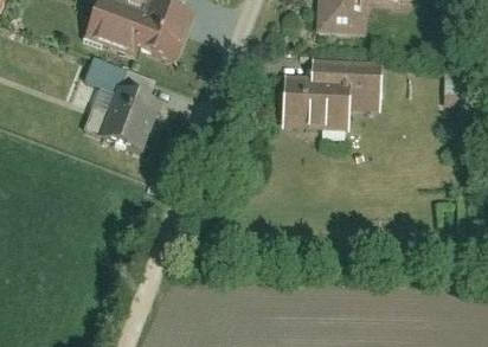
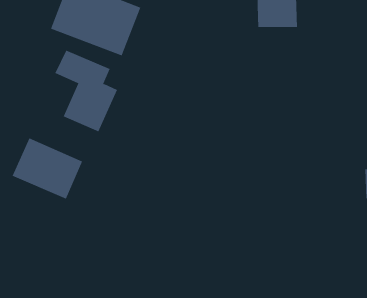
building: [280,56,383,131] -> none
building: none -> [12,137,83,199]

